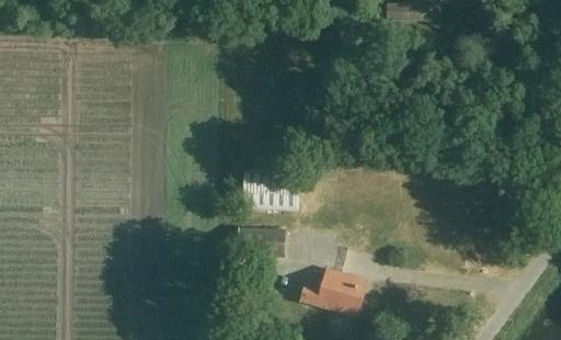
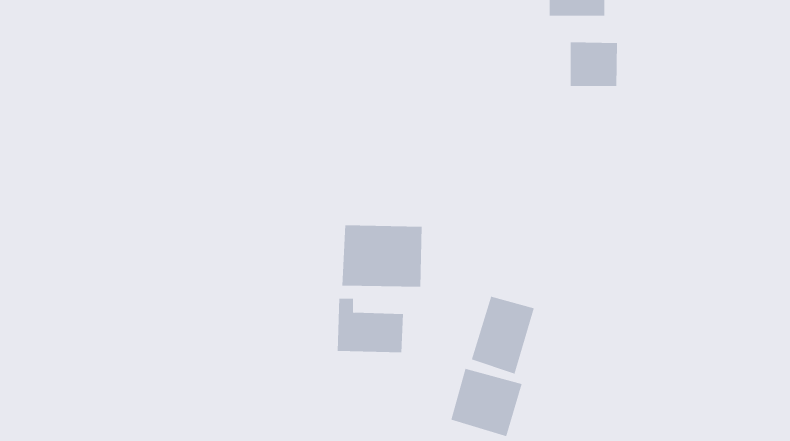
building: none -> [570,41,618,87]
building: none -> [471,296,534,374]

